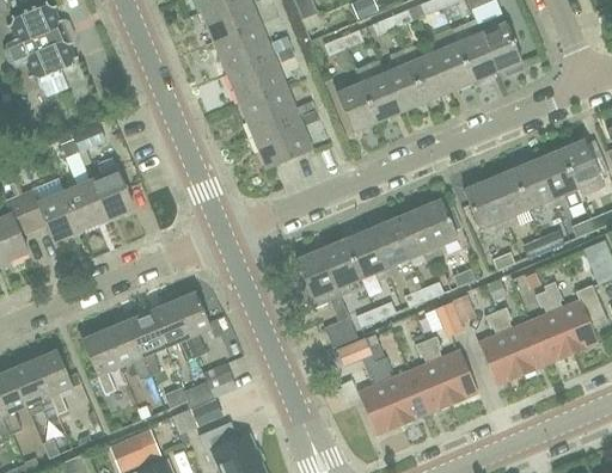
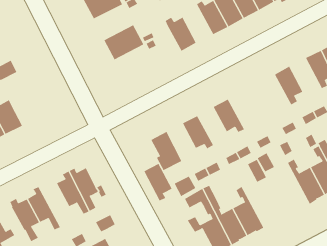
building: [227,54,286,104] -> none
building: [360,63,402,121] -> none
building: [252,116,312,167] -> none
building: [91,155,134,220] -> none
building: [512,158,556,210] -> none
building: [463,178,508,231] -> none
building: [416,197,461,256] -> none
building: [368,217,409,275] -> none
building: [320,238,361,294] -> [144,163,173,201]
building: [123,307,165,374] -> none
building: [478,311,522,385] -> none
building: [424,334,477,404] -> none

